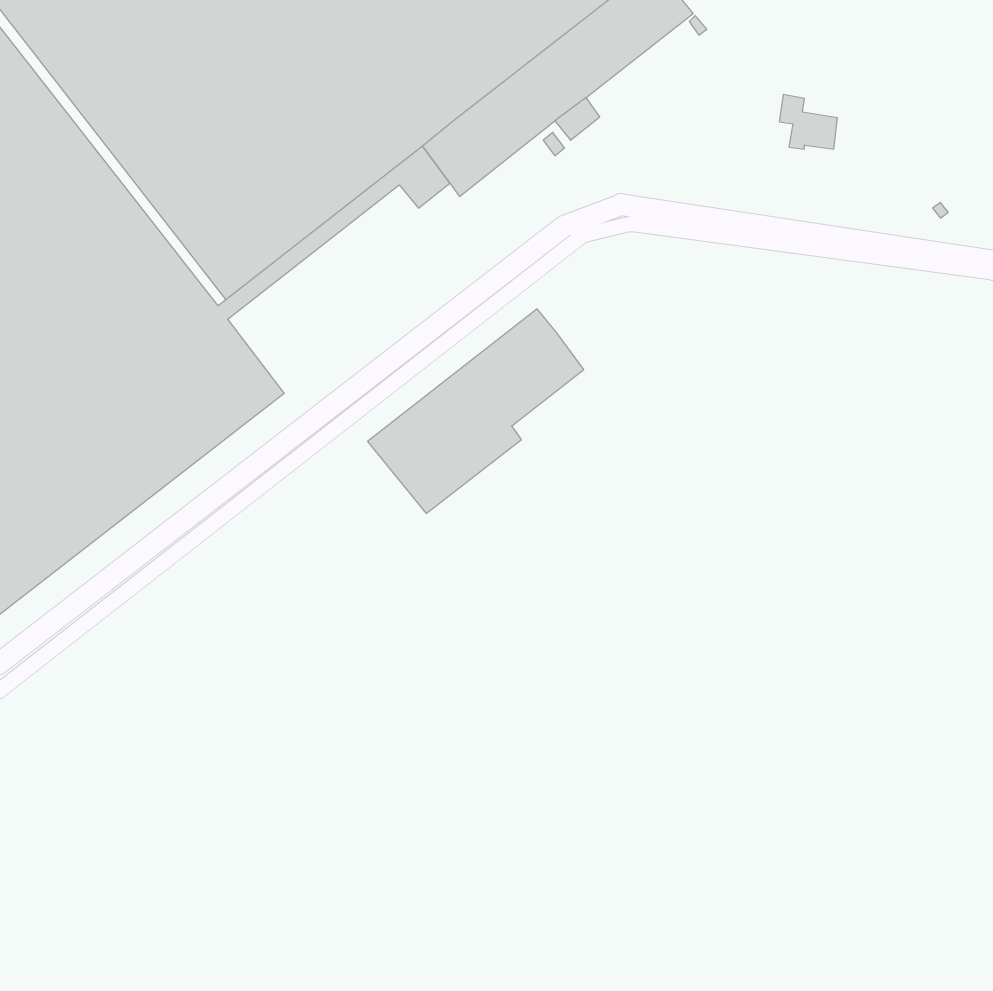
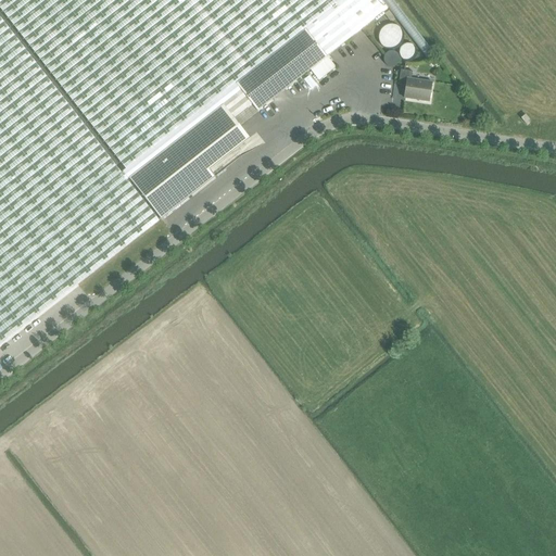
building: [779,95,838,149] -> [397,67,430,98]
building: [368,309,584,513] -> [128,103,249,217]

